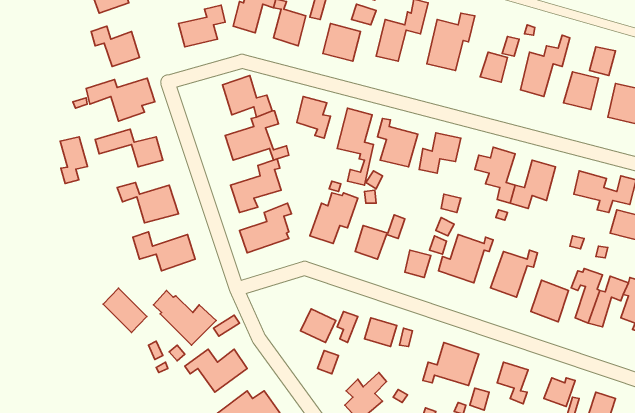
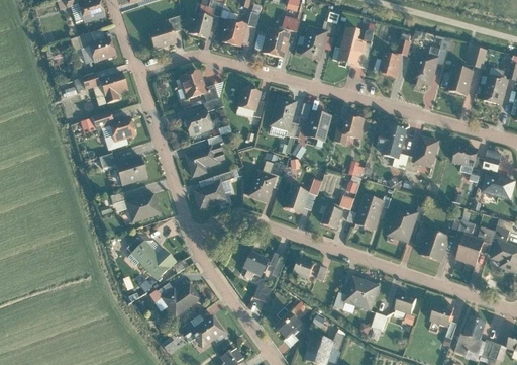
building: [60,137,87,184] -> none
building: [103,288,147,332] -> none

